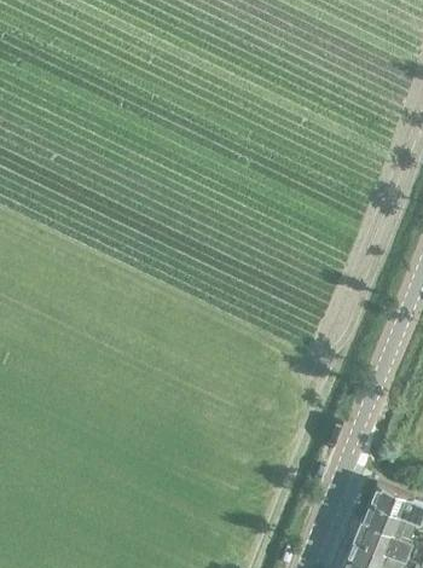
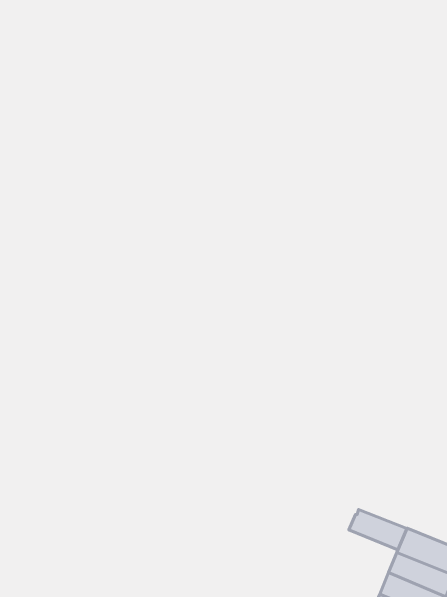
building: none -> [349,509,407,550]

